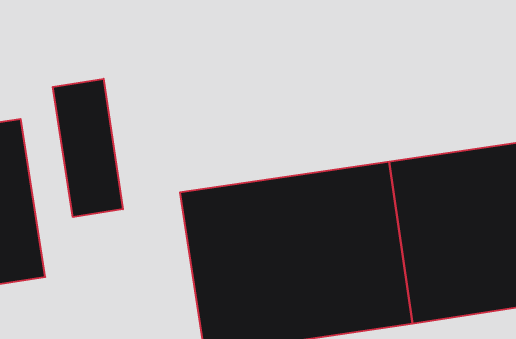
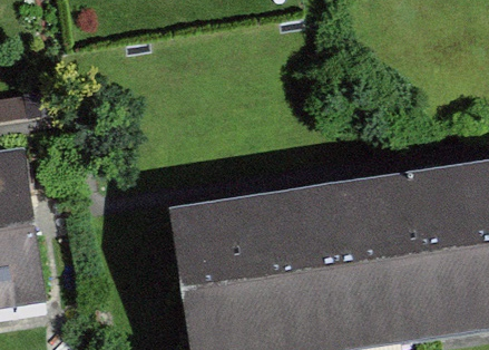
building: [53,79,123,217] -> none

